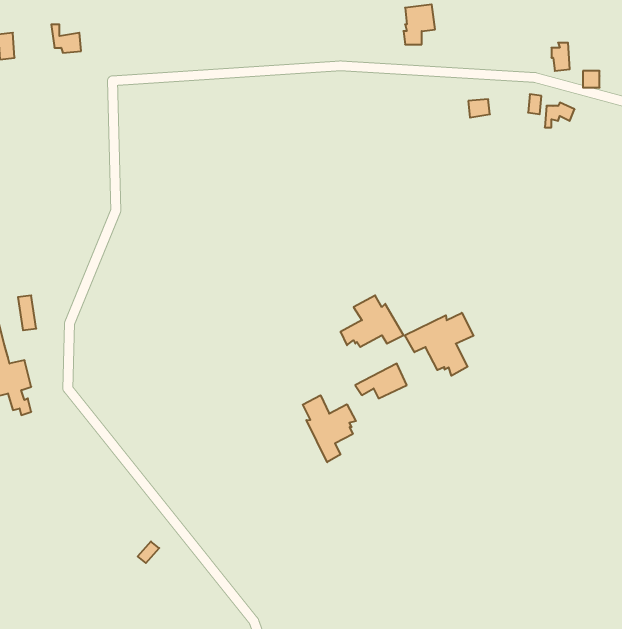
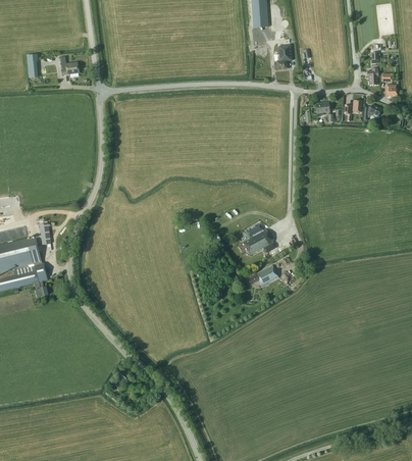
building: [405,313,474,376] -> none
building: [303,395,356,462] -> none

